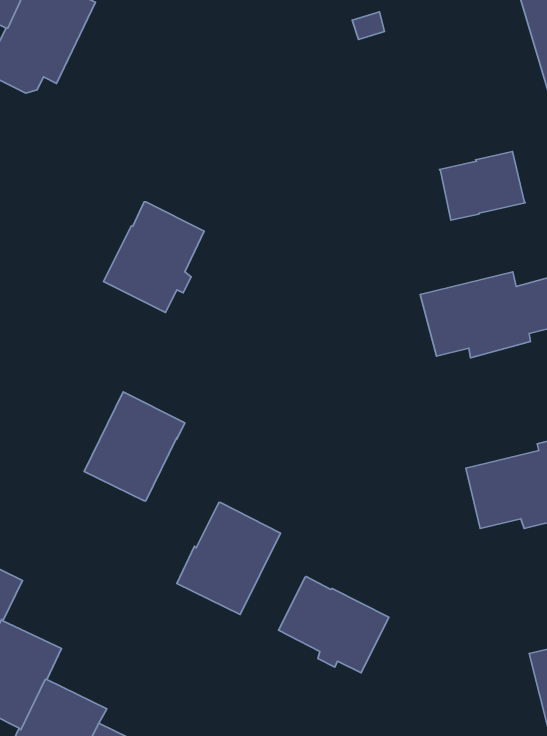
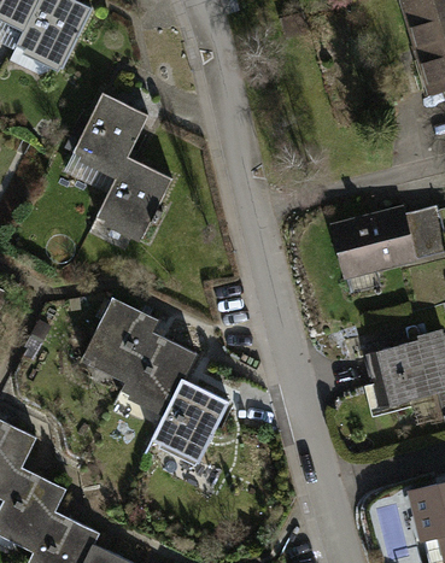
building: none -> [68,93,148,175]
building: [440,152,525,220] -> none
building: none -> [119,332,195,414]
building: [279,576,389,673] -> none

